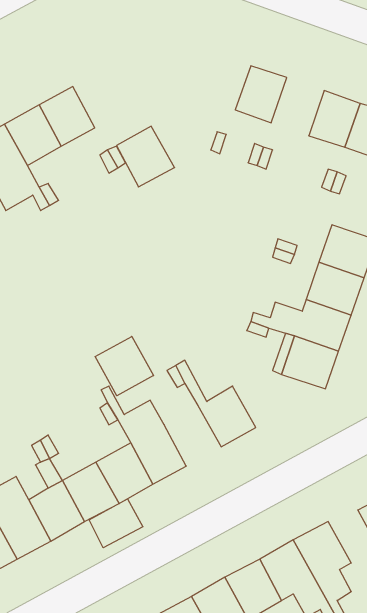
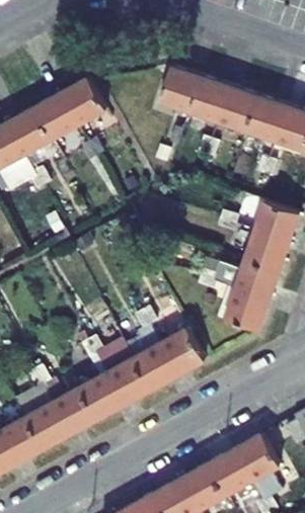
building: none -> [158,66,200,111]
building: none -> [216,86,257,132]
building: [117,126,175,187] -> [60,78,105,125]
building: [95,336,154,396] -> none
building: none -> [132,343,176,391]
building: [89,499,143,548] -> none

